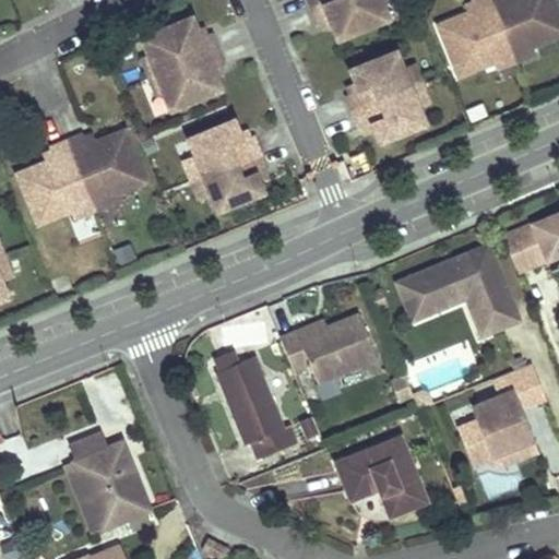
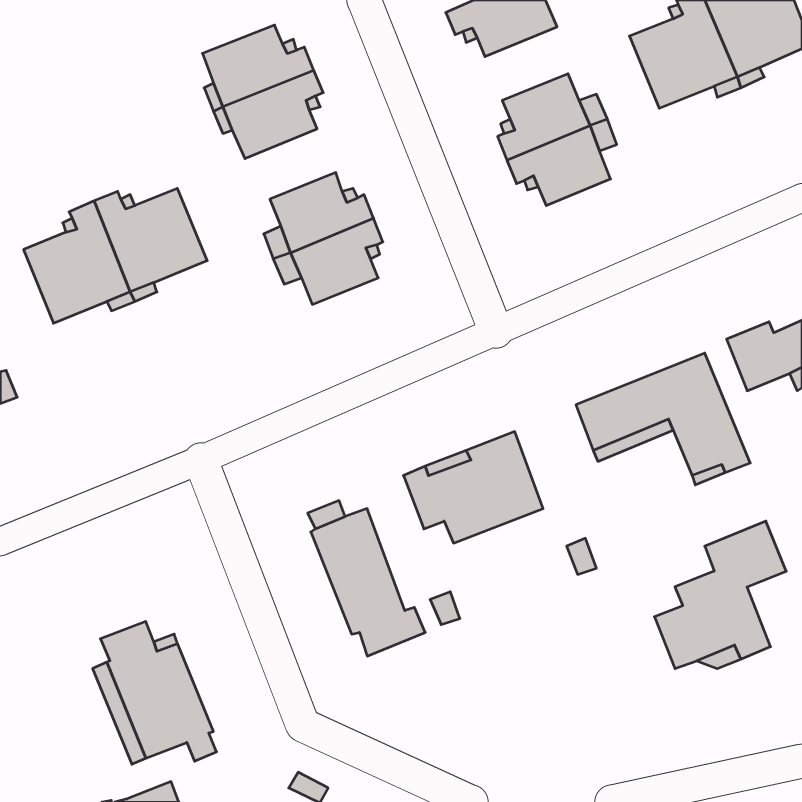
building: [336,438,426,516] -> none

